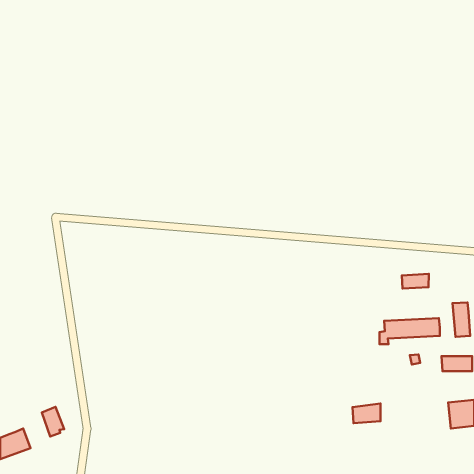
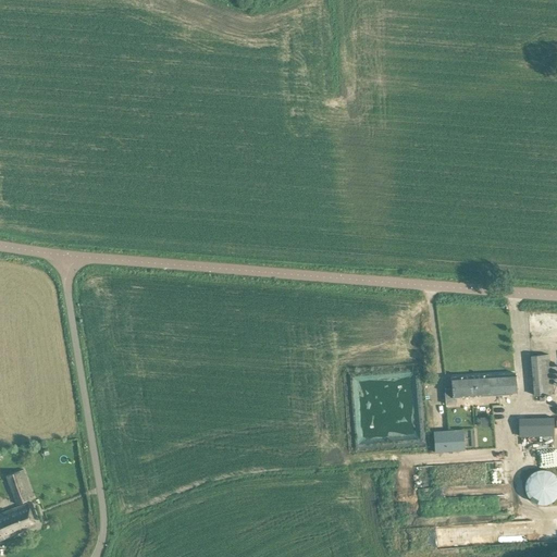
building: [402,274,429,288] -> none
building: [353,404,380,423] -> [432,430,465,453]
building: [42,407,64,436] -> [7,469,33,504]

